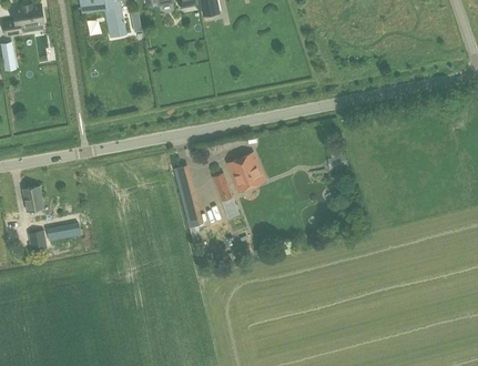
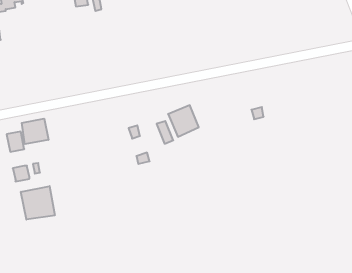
building: none -> [22,119,48,144]
building: none -> [21,186,55,220]

